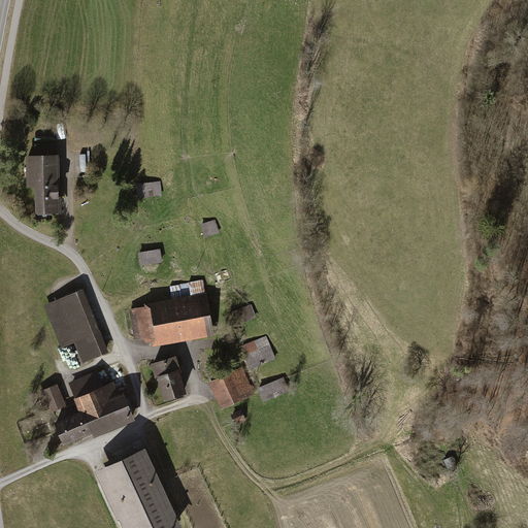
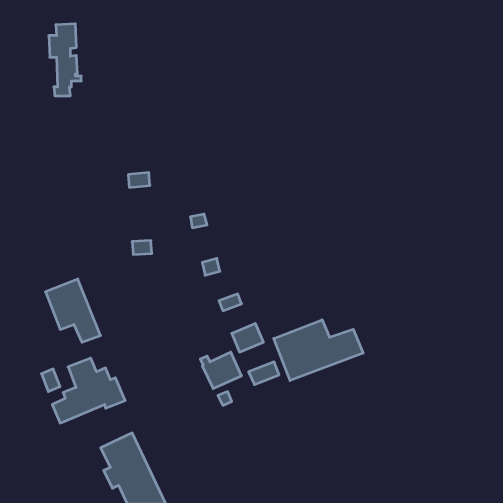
building: [27,145,61,221] -> [49,24,81,96]
building: [130,282,209,340] -> none
building: none -> [274,320,363,381]
building: [152,359,185,397] -> none

